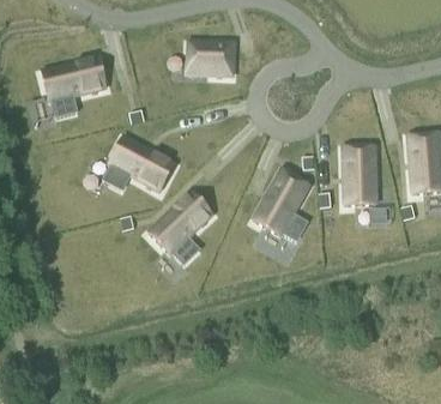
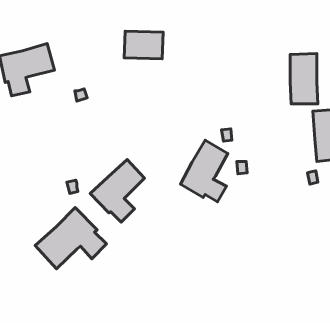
building: [104,135,175,191] -> none
building: [344,145,376,204] -> [290,53,318,104]
building: none -> [35,208,107,269]

